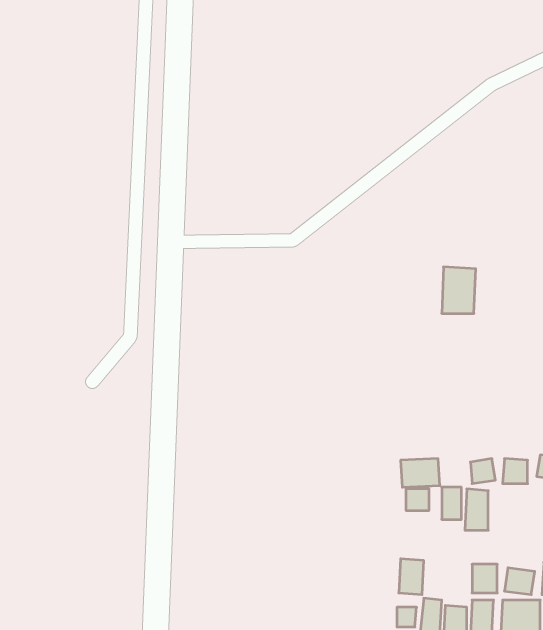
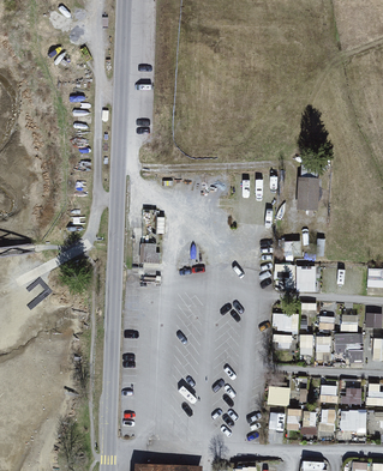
building: none -> [336,333,361,364]

